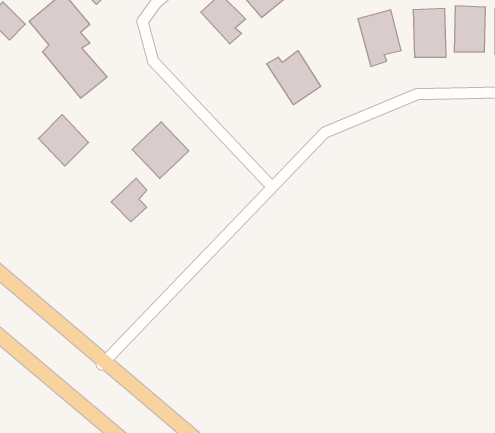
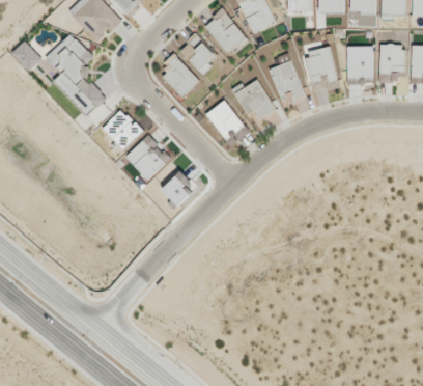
building: none -> [163,53,199,96]
building: none -> [271,61,303,101]
building: none -> [206,100,248,144]
building: [38,115,89,166] -> [104,109,143,149]
building: [111,178,147,222] -> [162,170,190,204]

